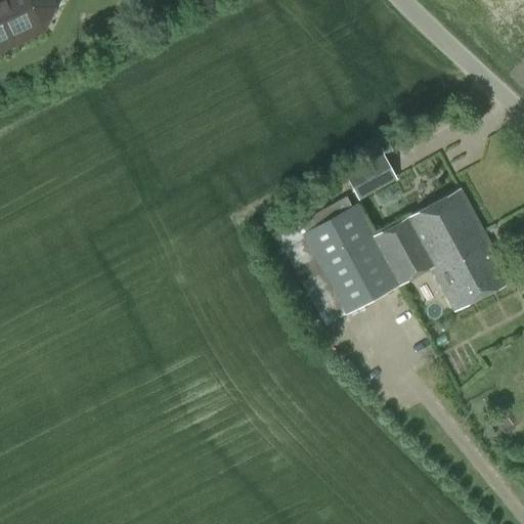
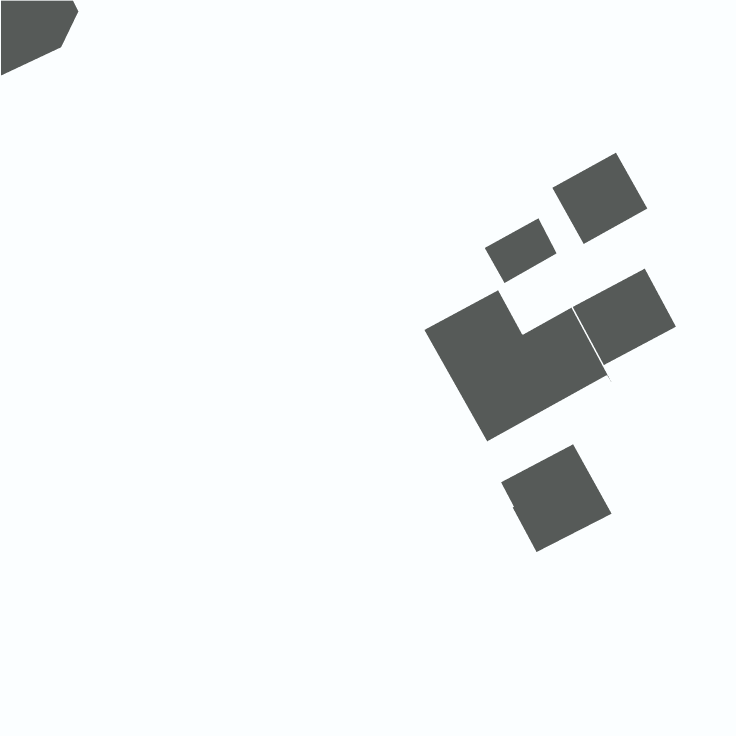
building: none -> [552,152,648,245]
building: [429,232,509,310] -> [500,443,612,553]

